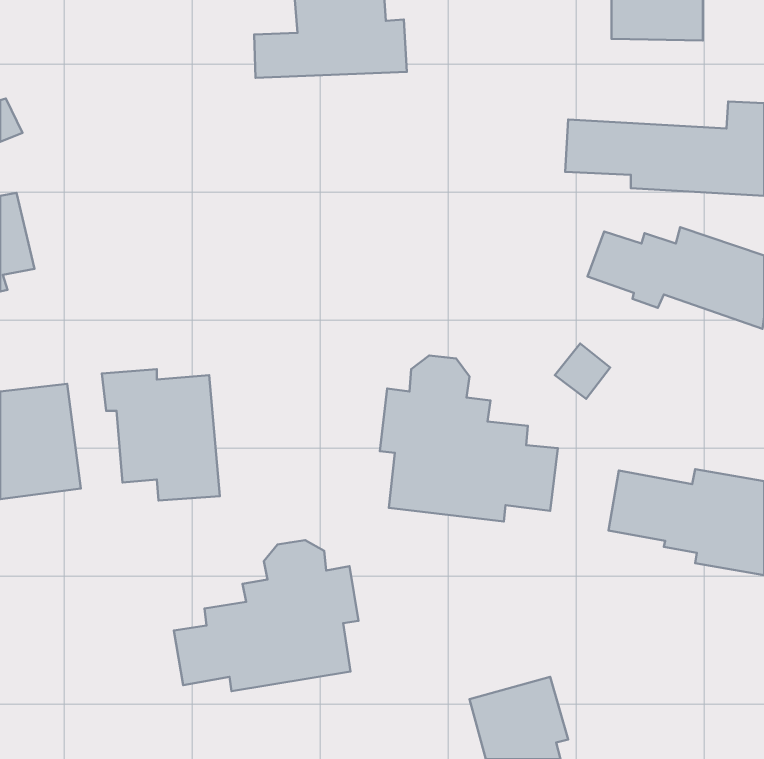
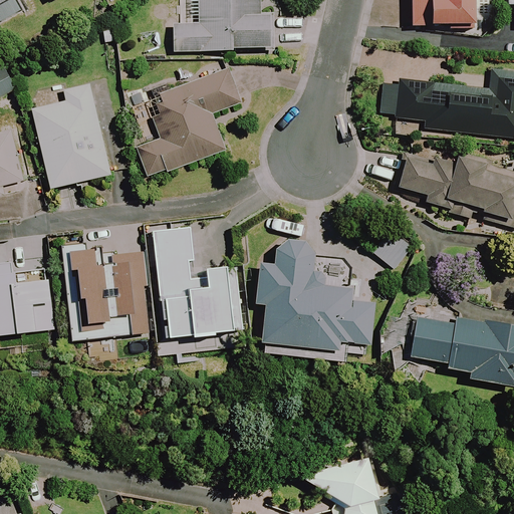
building: none -> [137,66,241,176]
building: none -> [31,83,109,188]
building: none -> [150,226,244,341]
building: [174,540,359,691] -> none

